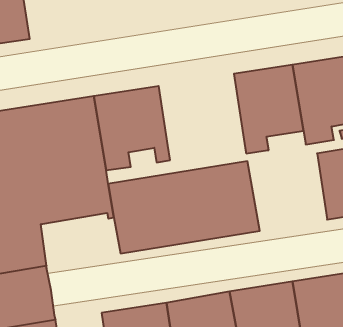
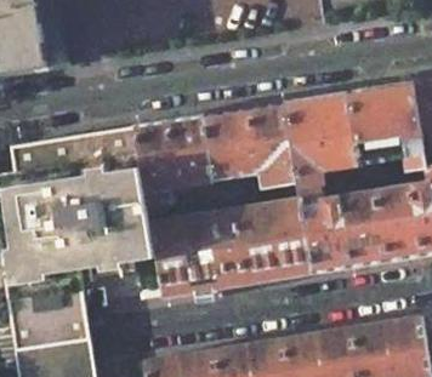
building: none -> [208,103,301,192]
building: none -> [302,185,390,273]

